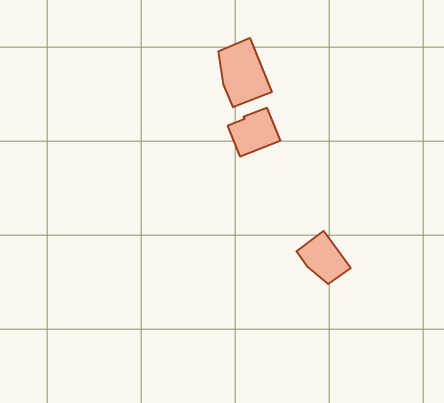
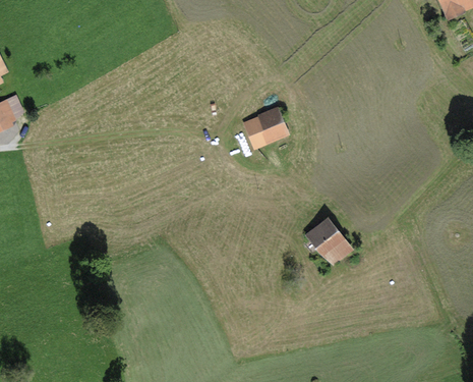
building: [219,38,272,107] -> none

